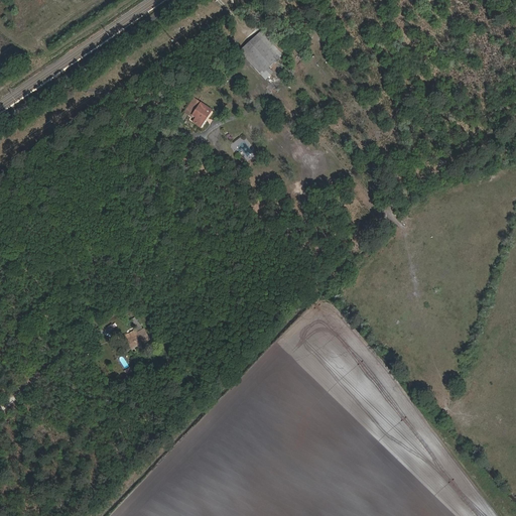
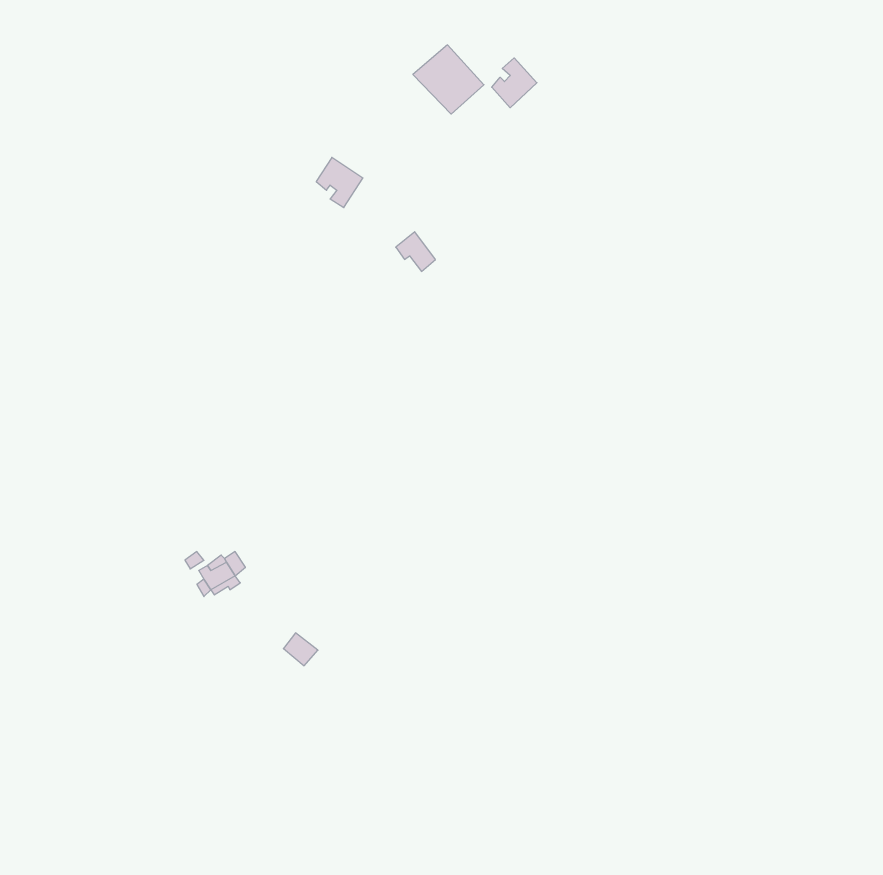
building: none -> [492,58,537,108]

